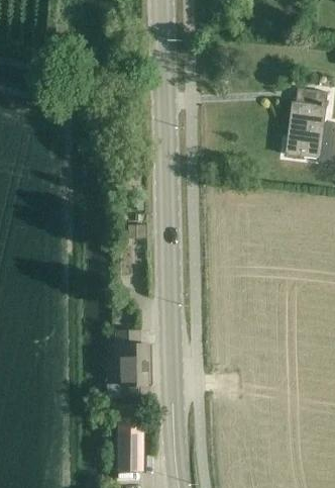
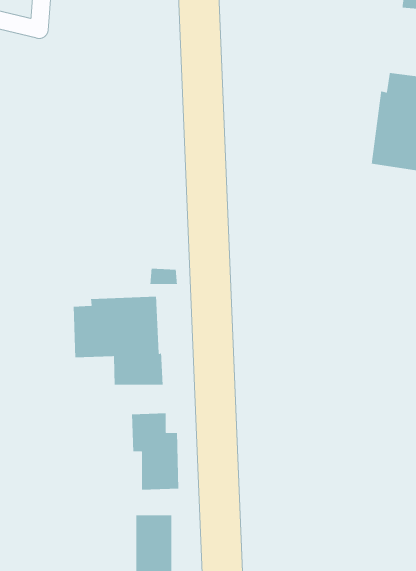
building: none -> [73,296,164,386]

